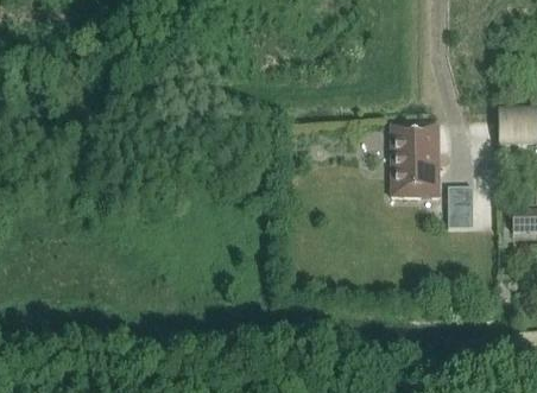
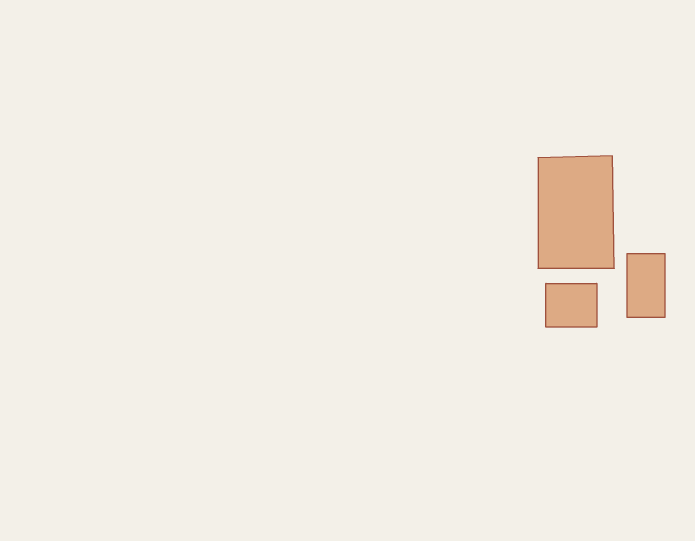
building: none -> [546,283,597,327]

